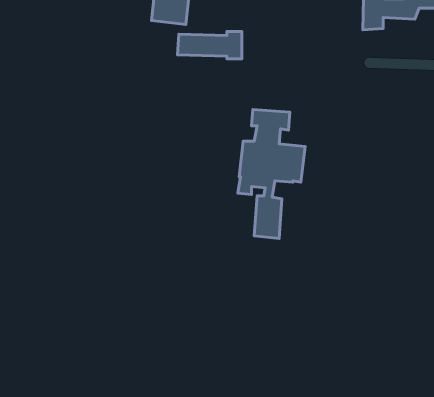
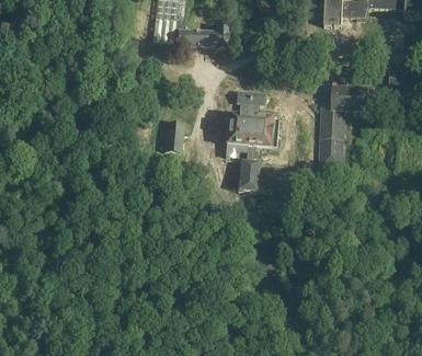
building: none -> [318,85,374,168]
building: none -> [164,122,183,151]

